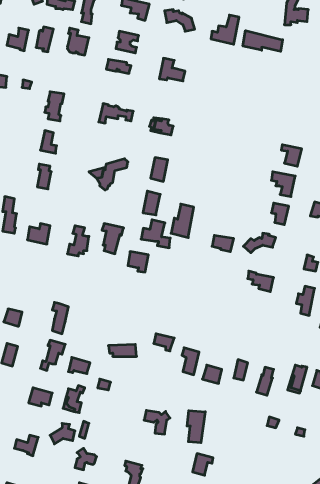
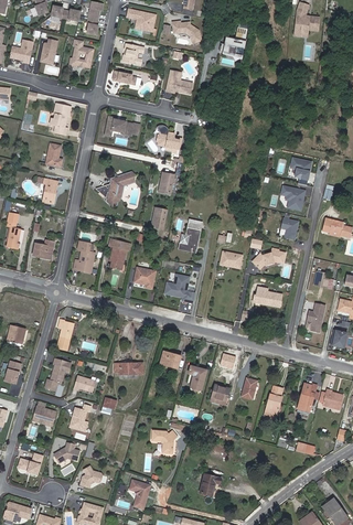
building: [243,31,283,51] -> none
building: [141,220,170,248] -> [164,274,194,302]
building: [187,411,205,443] -> none

